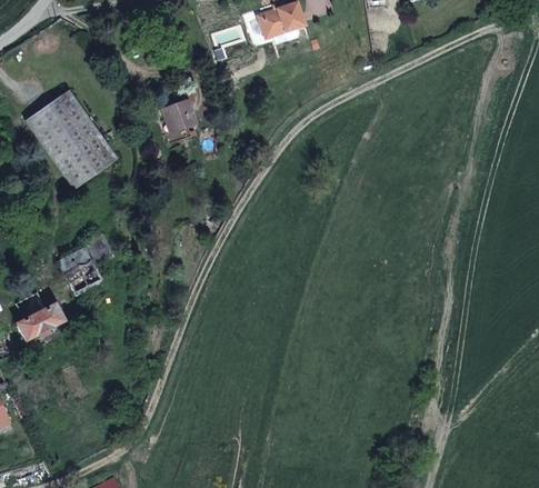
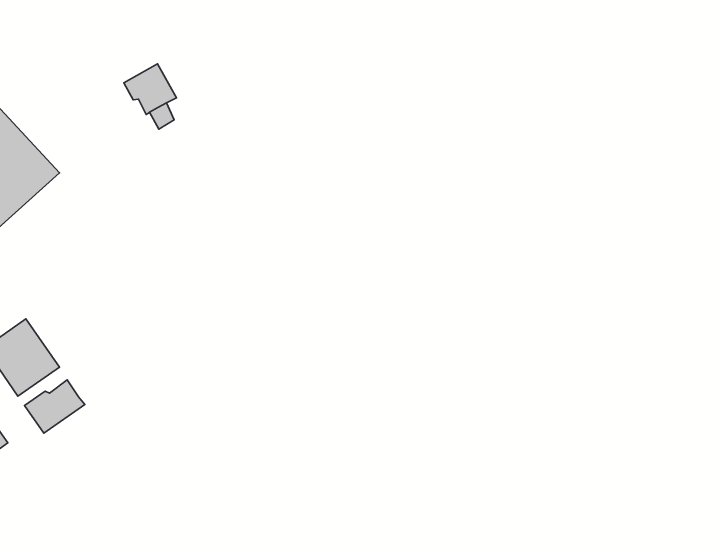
building: none -> [24,380,85,433]

